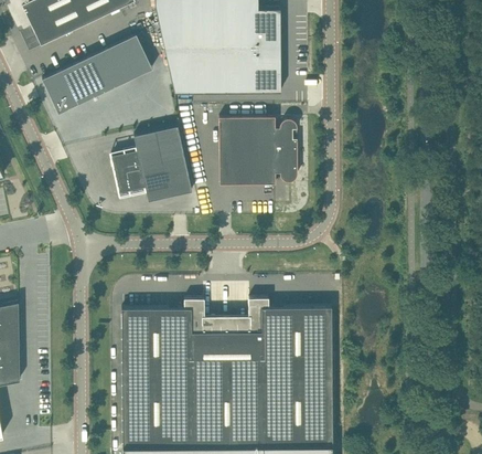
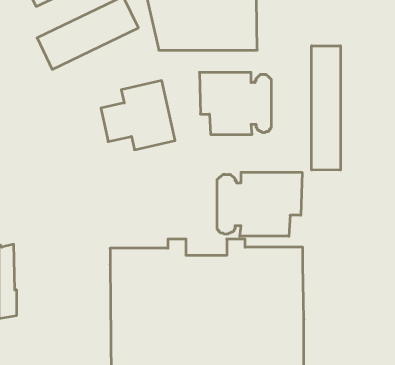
building: none -> [312,46,340,170]
building: none -> [217,172,302,236]

